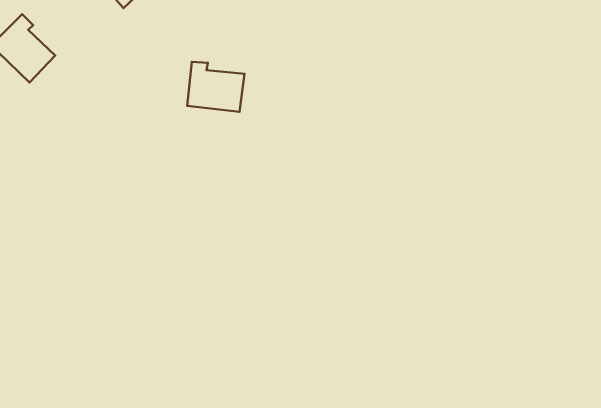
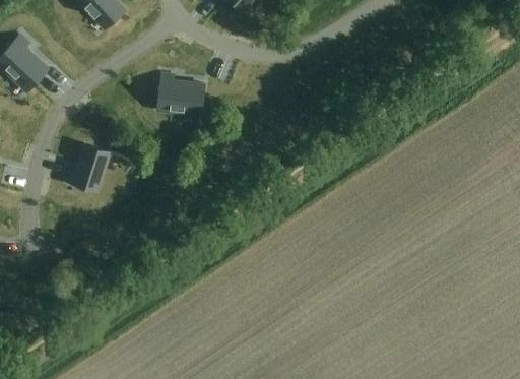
building: none -> [68,143,111,191]

